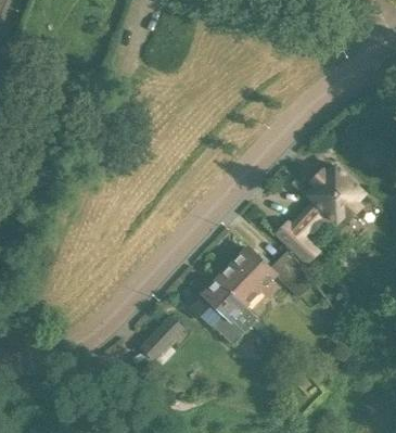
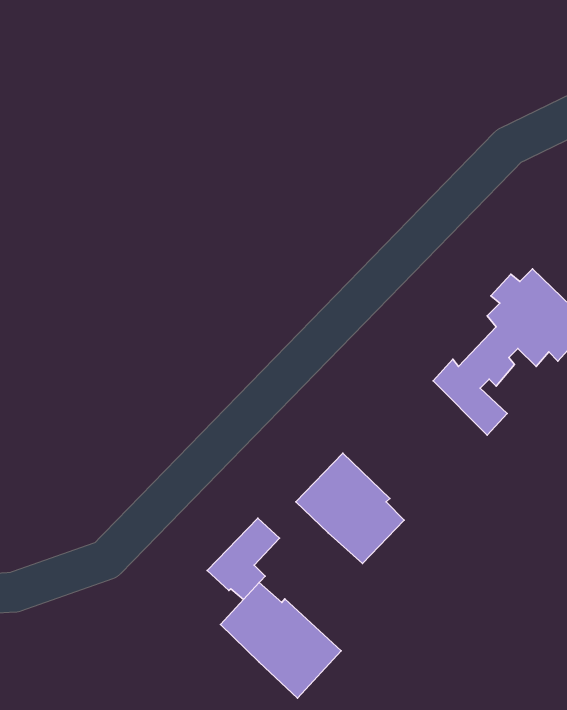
building: [220,245,314,303] -> none
building: none -> [220,582,341,698]

